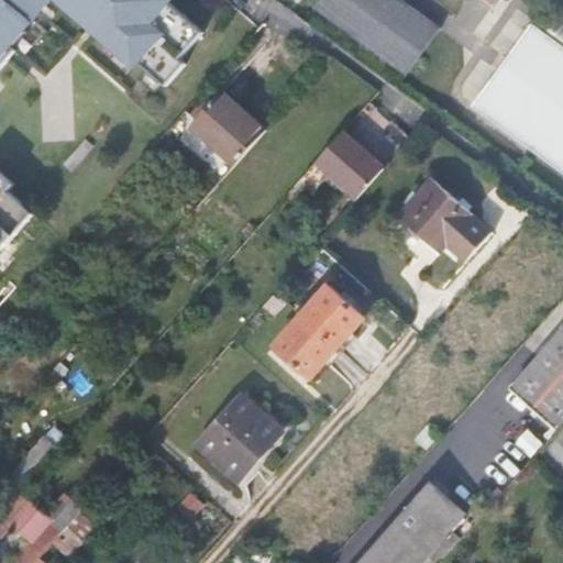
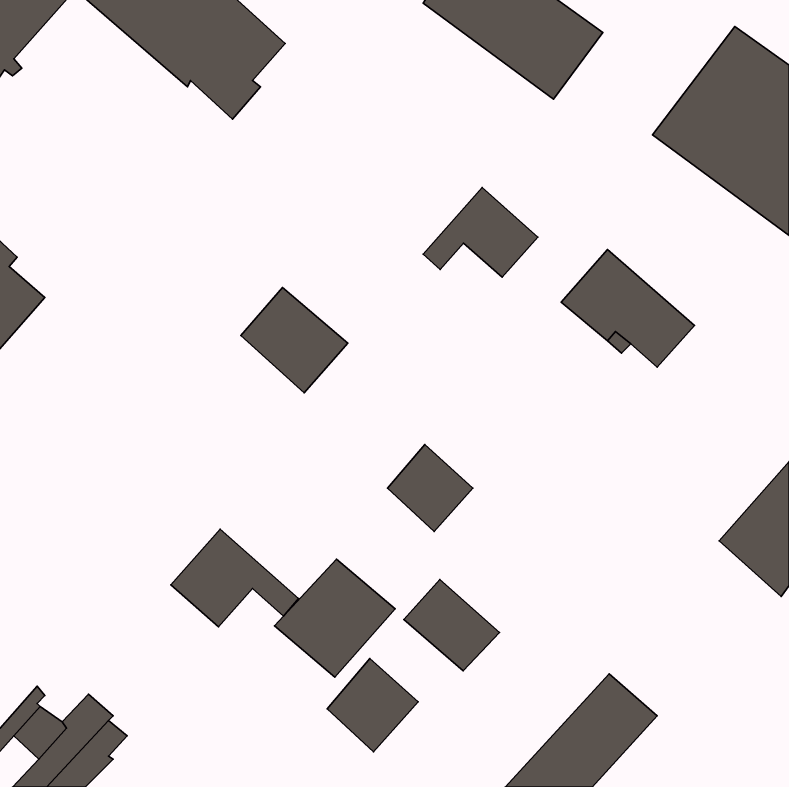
building: [188,91,264,166] -> [241,287,348,393]
building: [301,287,361,346] -> none
building: none -> [171,529,298,627]
building: none -> [404,580,499,671]
building: none -> [327,659,418,752]

